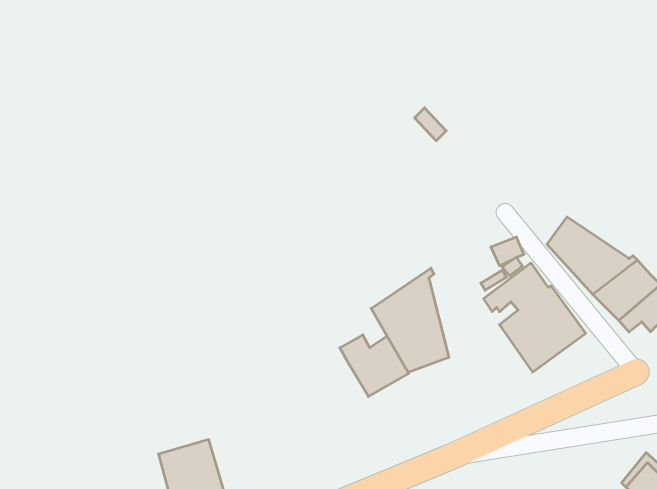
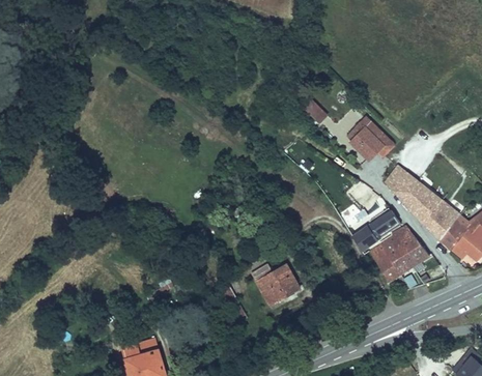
building: none -> [343,115,396,161]
building: none -> [386,166,415,197]
building: [371,268,449,373] -> none

